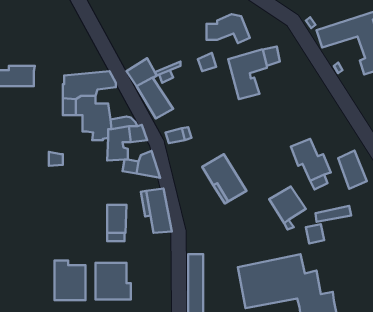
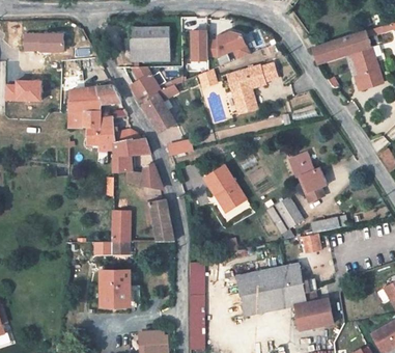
building: none -> [131,27,171,61]
building: none -> [192,32,207,60]
building: none -> [21,33,60,51]
building: [338,151,367,189] -> none
building: [54,260,86,300] -> none

